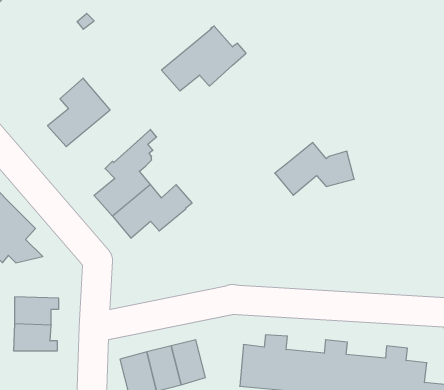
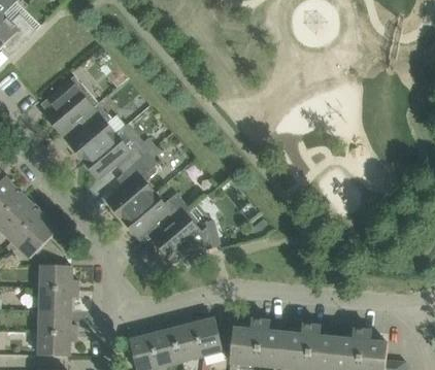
building: [162,26,246,91] -> [83,124,155,178]
building: none -> [46,76,98,135]
building: [275,143,354,195] -> [153,213,220,258]
building: none -> [40,254,77,289]
building: none -> [193,318,223,356]
building: none -> [38,333,76,356]

